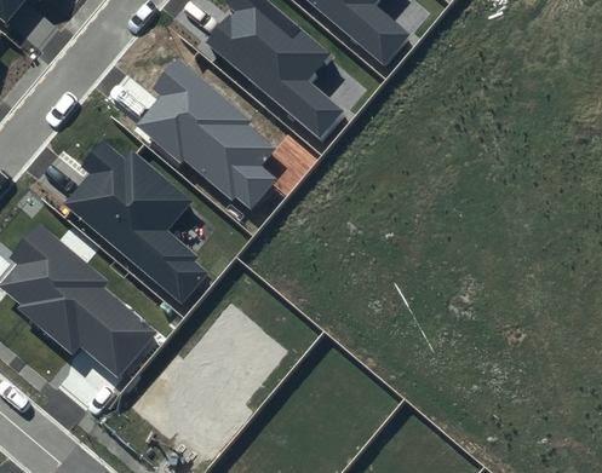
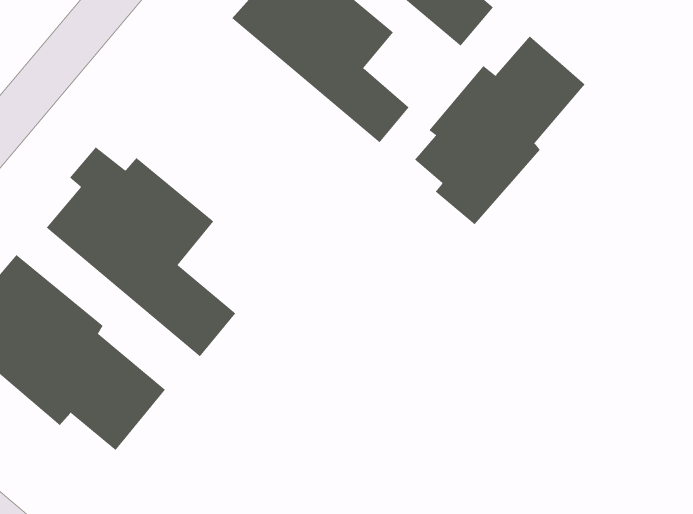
building: none -> [414,36,586,225]
building: [133,58,276,207] -> none

